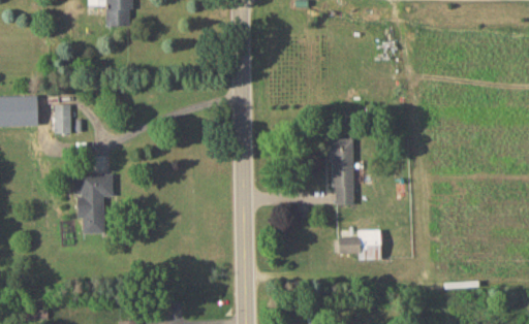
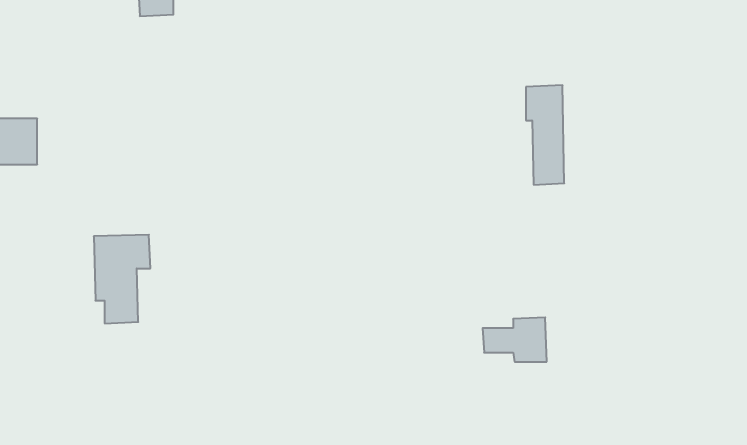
building: [54,104,71,133] -> none
building: [329,137,354,204] -> [526,85,564,185]

